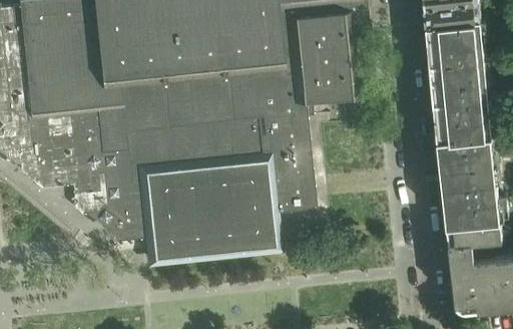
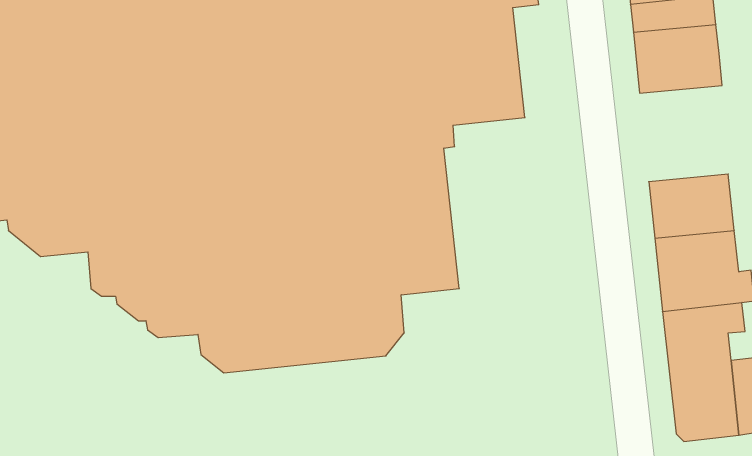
building: [431,78,491,141] -> none

